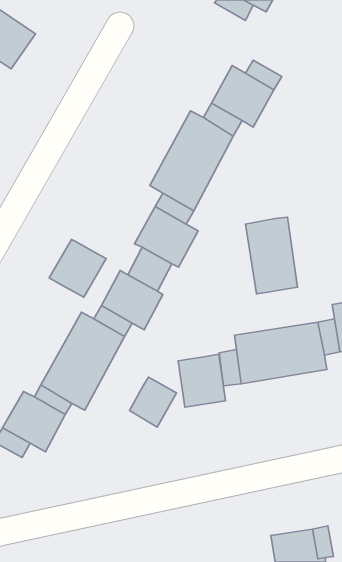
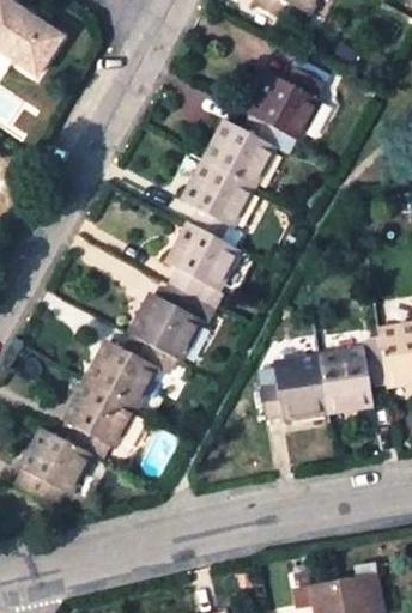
building: [246,217,297,294] -> none
building: [49,239,106,297] -> none
building: [178,354,226,407] -> none
building: [129,377,176,427] -> none

